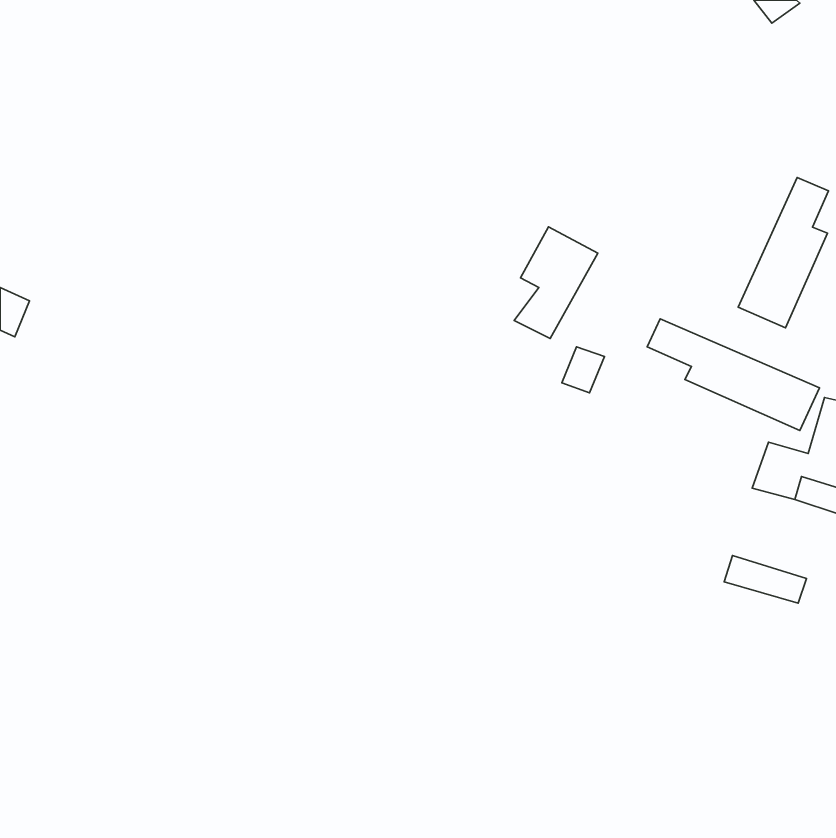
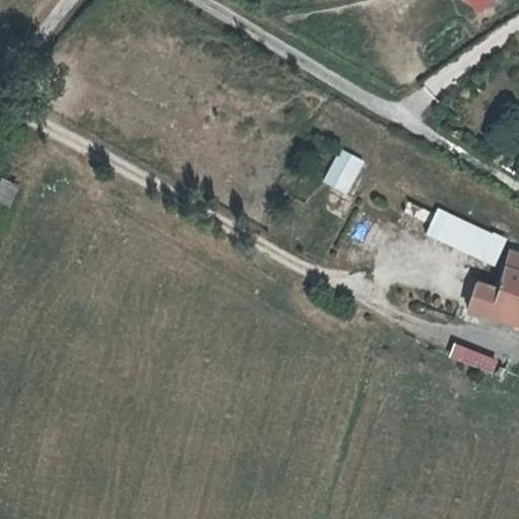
building: [738,178,828,328] -> none

